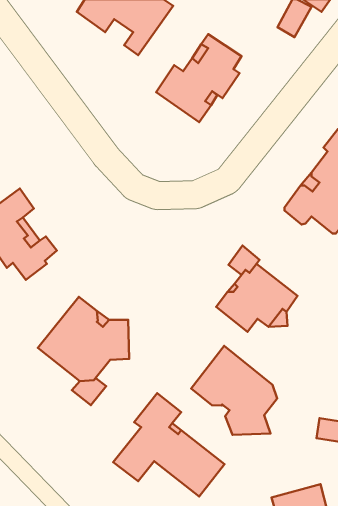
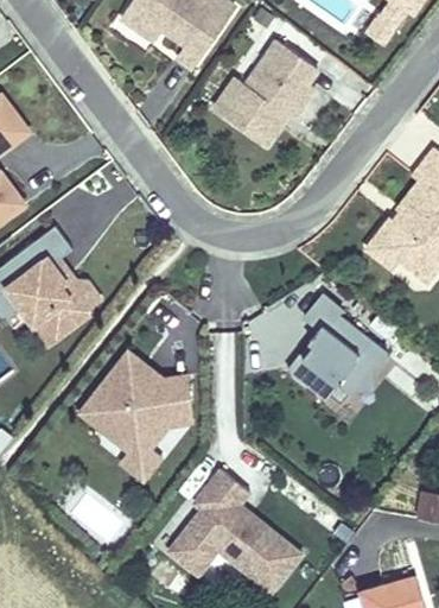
building: [191,346,277,435] -> none

